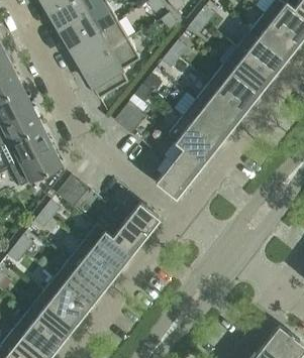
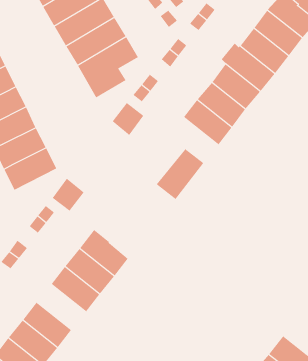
building: [168,117,217,161] -> none
building: [112,204,159,253] -> none
building: [41,277,90,322] -> none

